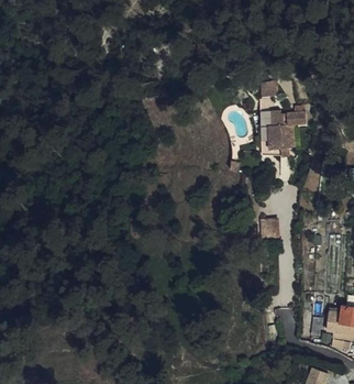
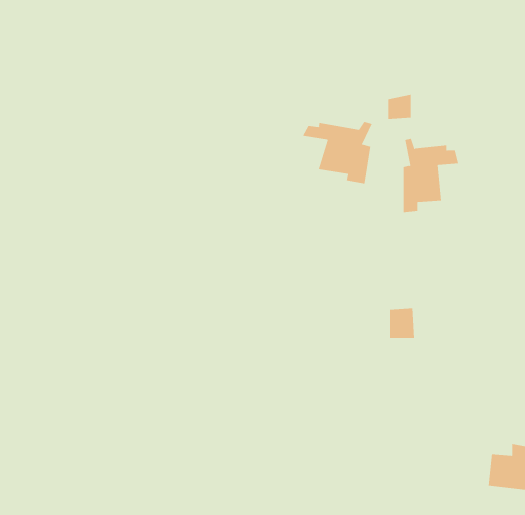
building: none -> [302,121,372,185]

